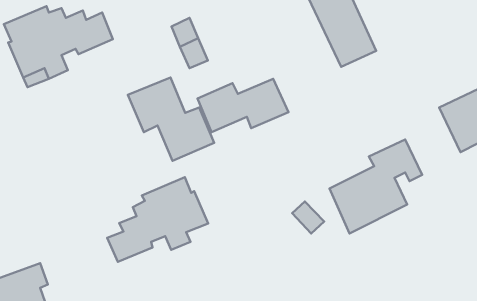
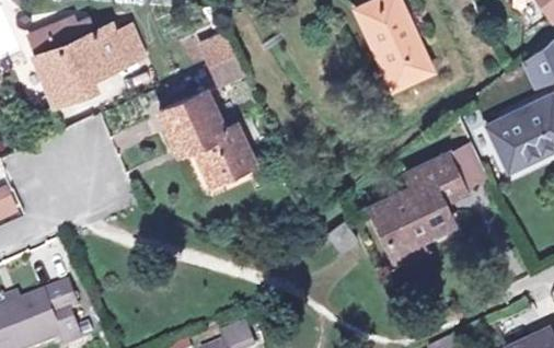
building: [197,79,289,132] -> none
building: none -> [449,142,492,192]
building: [107,177,208,262] -> none

